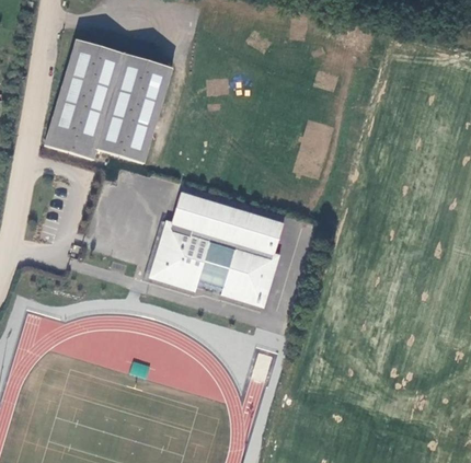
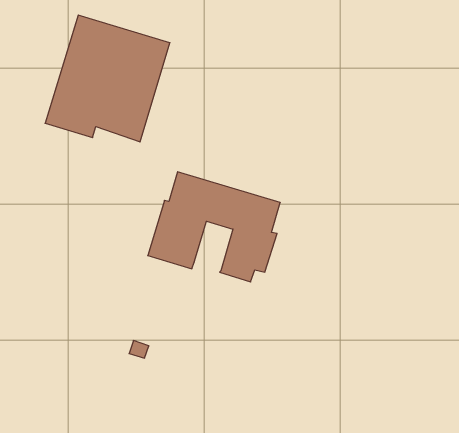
building: [195,242,233,291] -> none

